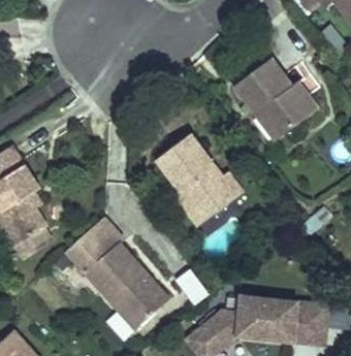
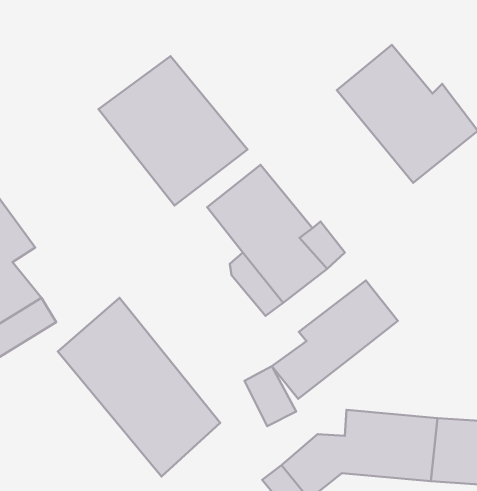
building: none -> [98,56,247,206]
building: none -> [272,280,398,399]

